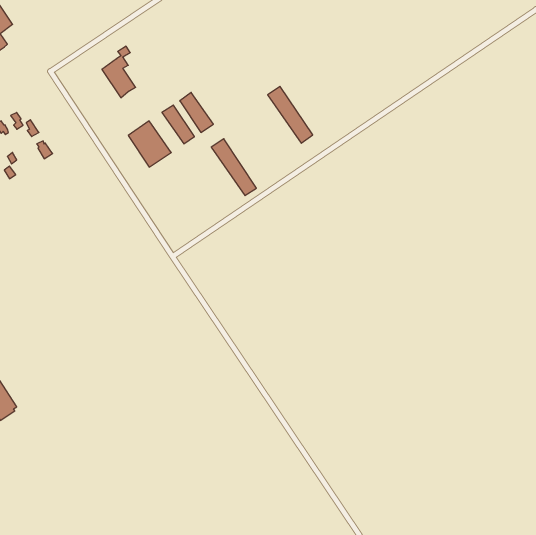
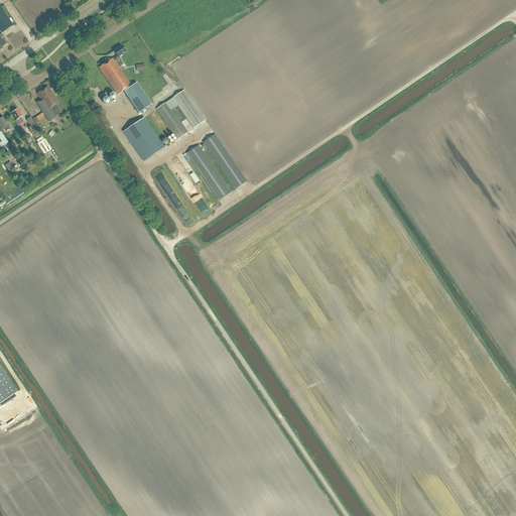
building: none -> [123,81,150,112]
building: [268,86,313,143] -> [186,144,230,199]
building: none -> [35,85,59,120]

